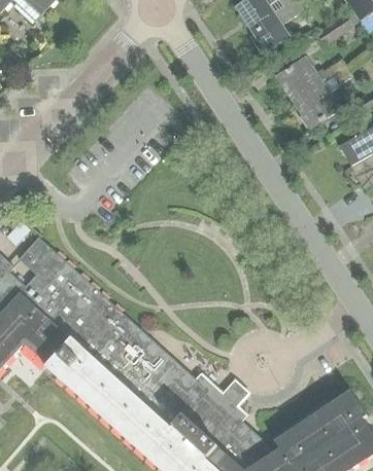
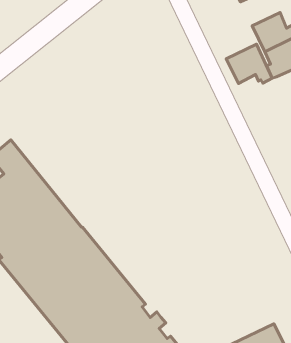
building: none -> [226,44,272,84]
building: [195,373,248,423] -> none

